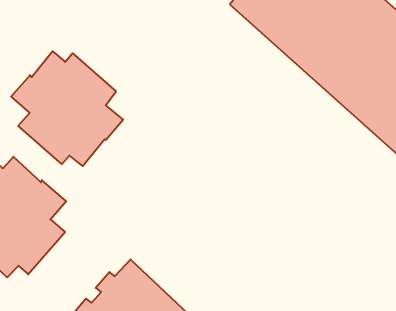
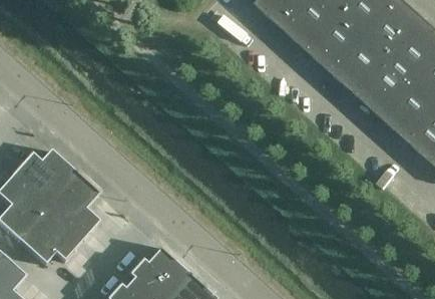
building: [11,51,123,166] -> none

